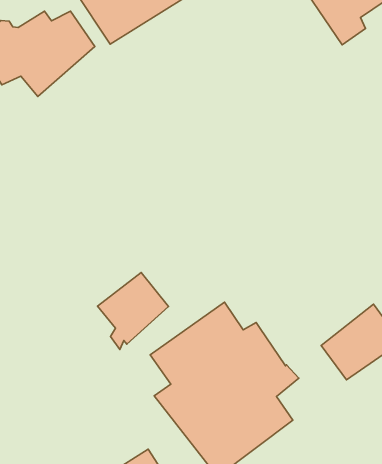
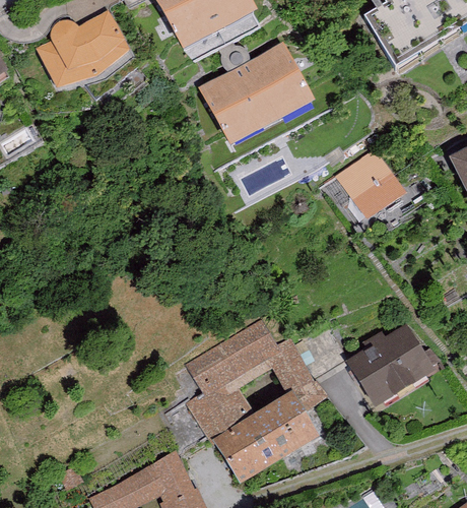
building: none -> [185,46,309,157]
building: none -> [338,151,407,220]
building: [98,273,169,350] -> none

